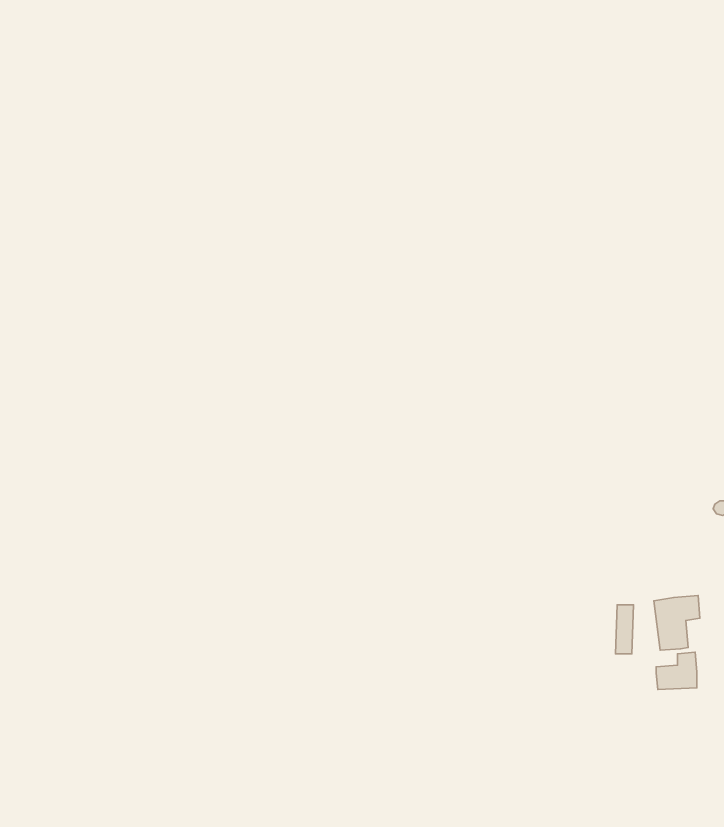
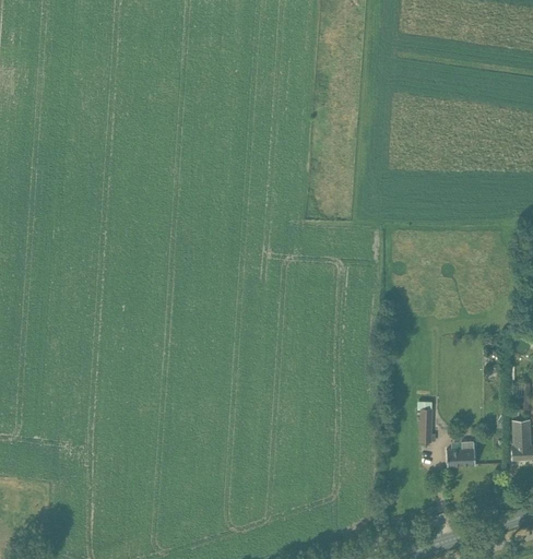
building: [654,596,700,650] -> none

